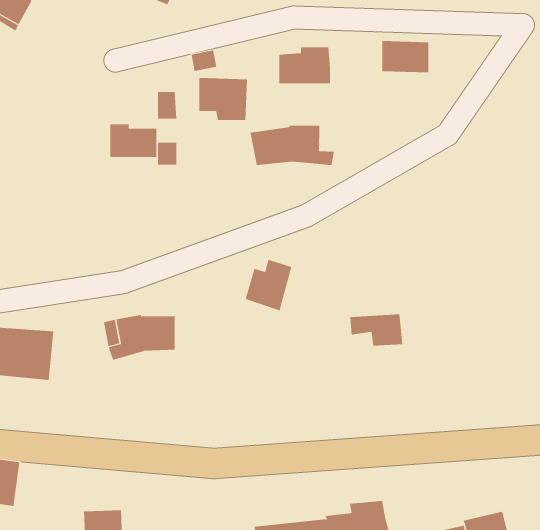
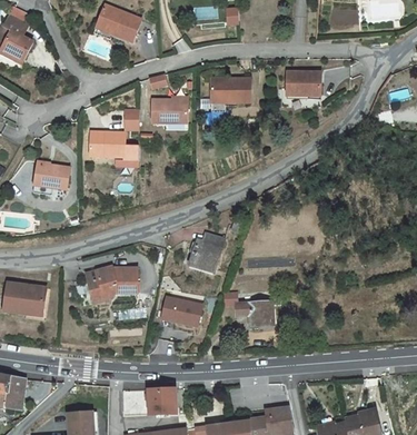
building: [250,125,334,166] -> none
building: none -> [32,166,69,198]
building: [349,314,403,346] -> [232,298,271,322]
building: none -> [160,291,201,323]
building: none -> [147,389,175,417]

